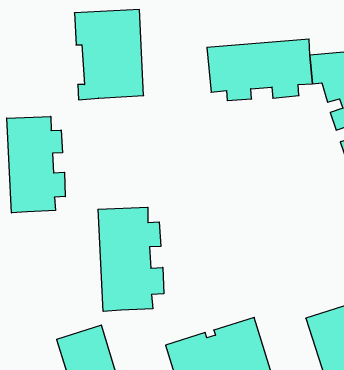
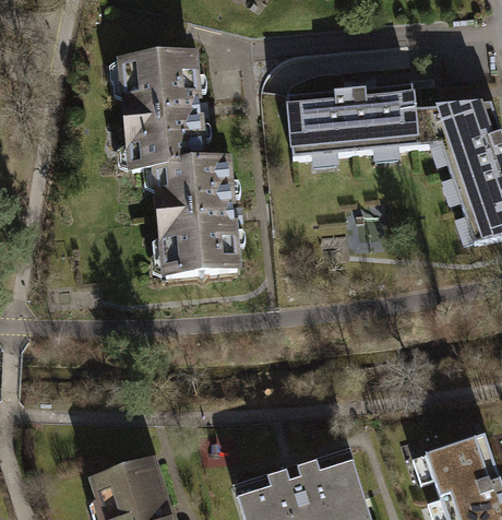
building: none -> [146,159,240,274]
building: [7,116,65,213] -> none
building: [98,207,164,311] -> none

